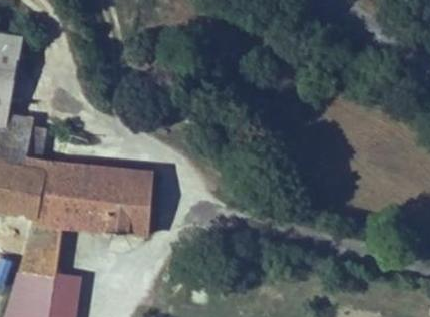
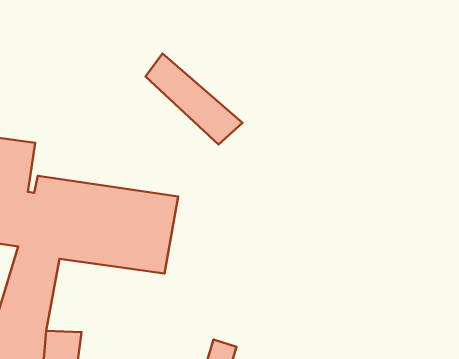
building: none -> [146,53,242,145]

